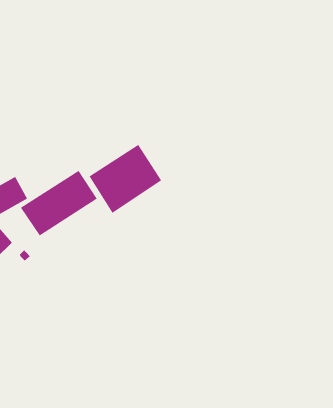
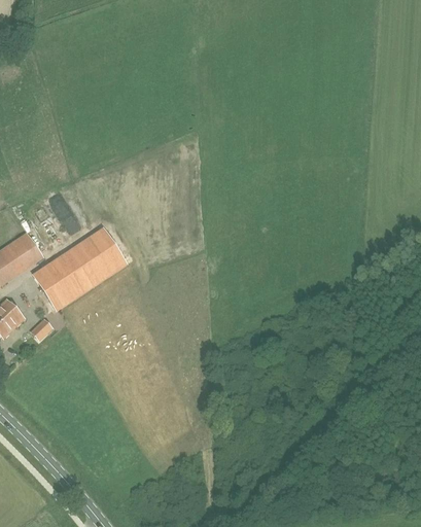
building: [89,144,162,214] -> none

